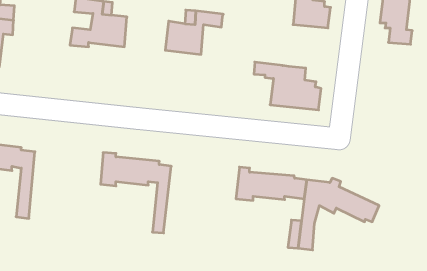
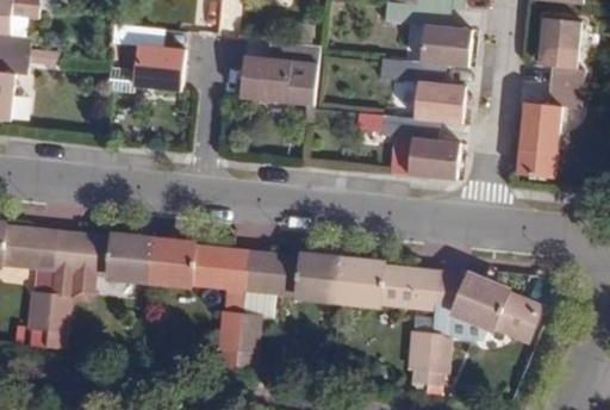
building: none -> [406,60,462,123]
building: none -> [527,85,581,178]
building: none -> [45,235,151,349]
building: none -> [236,256,342,354]

